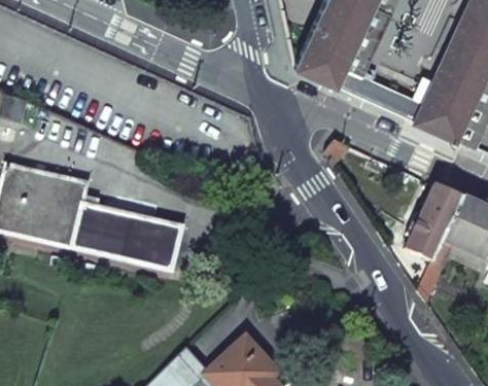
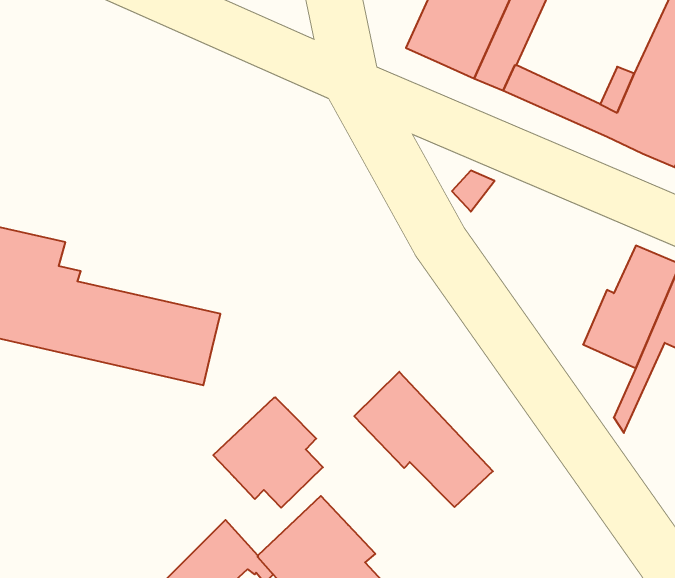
building: none -> [354,372,493,507]
building: none -> [213,397,323,508]

